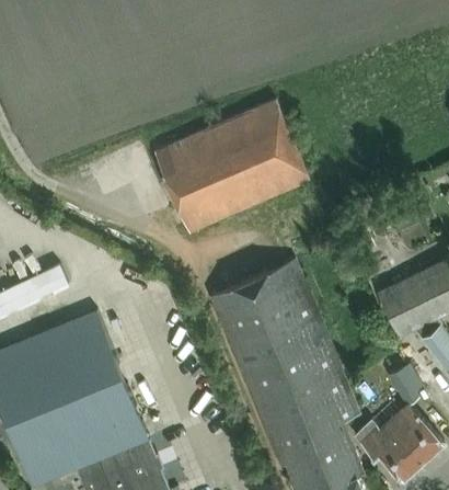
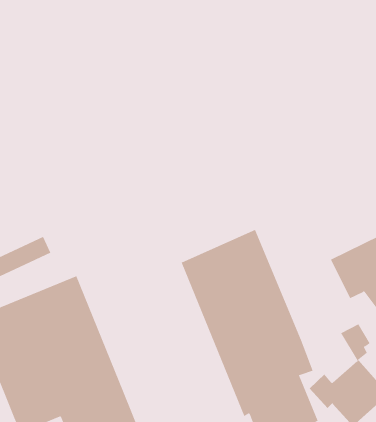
building: [154,101,310,233] -> none

